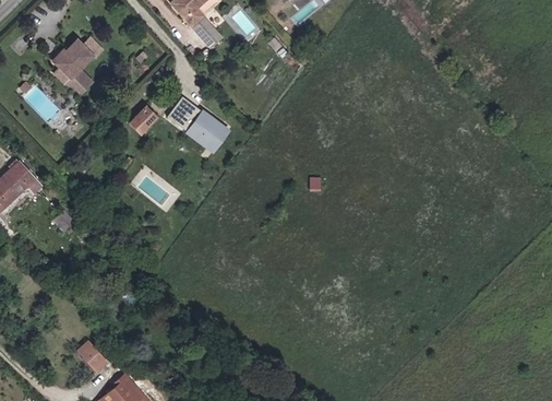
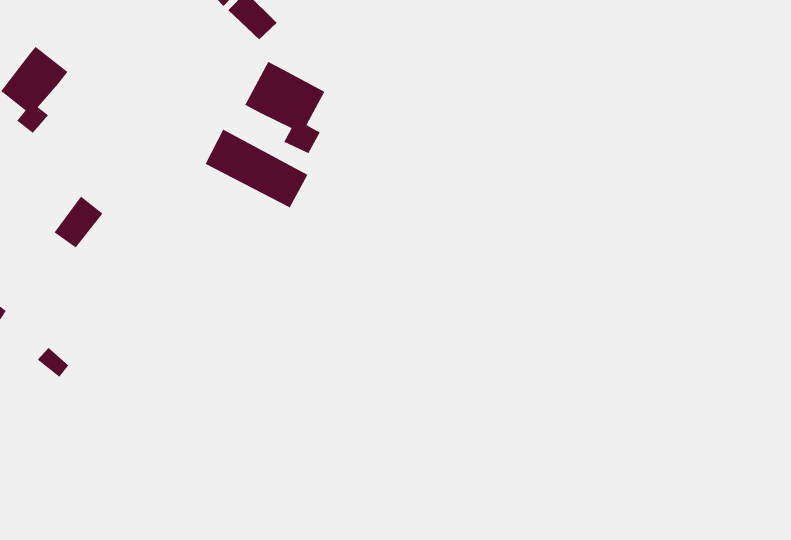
building: none -> [244,61,325,154]
building: [127,105,157,135] -> [53,196,103,249]

